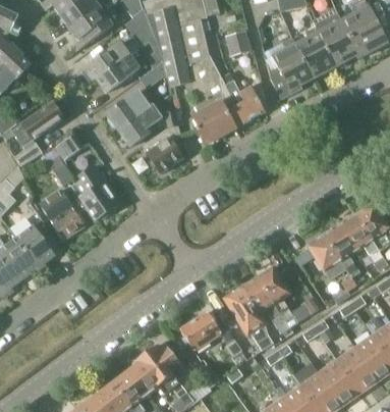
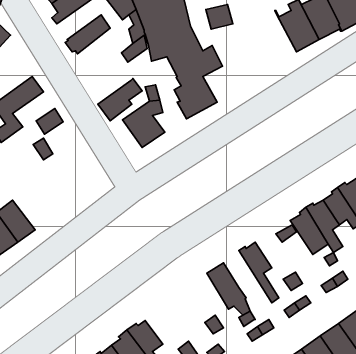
building: [268,37,314,98] -> none
building: [97,54,140,92] -> none
building: [221,86,265,127] -> none
building: [105,89,150,130] -> none
building: [71,164,120,219] -> none
building: [40,189,86,239] -> none
building: [241,274,289,332] -> none
building: [179,310,220,351] -> none

